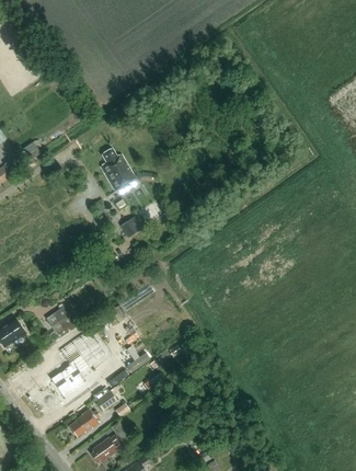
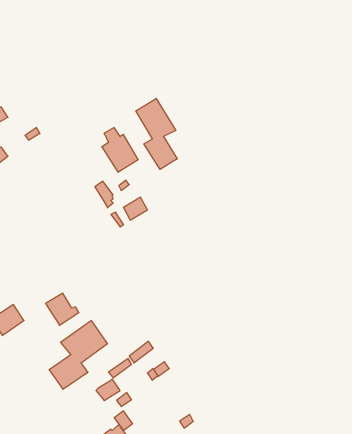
building: none -> [136,98,177,169]
building: [69,409,100,436] -> none

